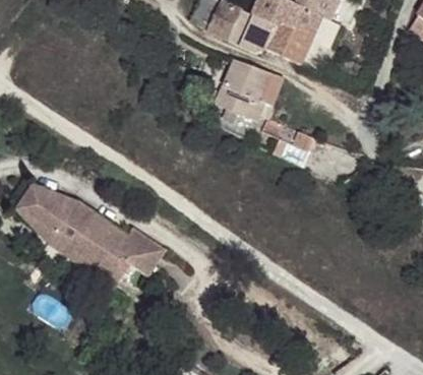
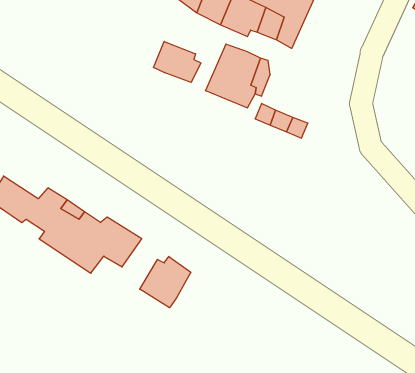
building: none -> [154,41,201,82]
building: none -> [140,256,191,308]

